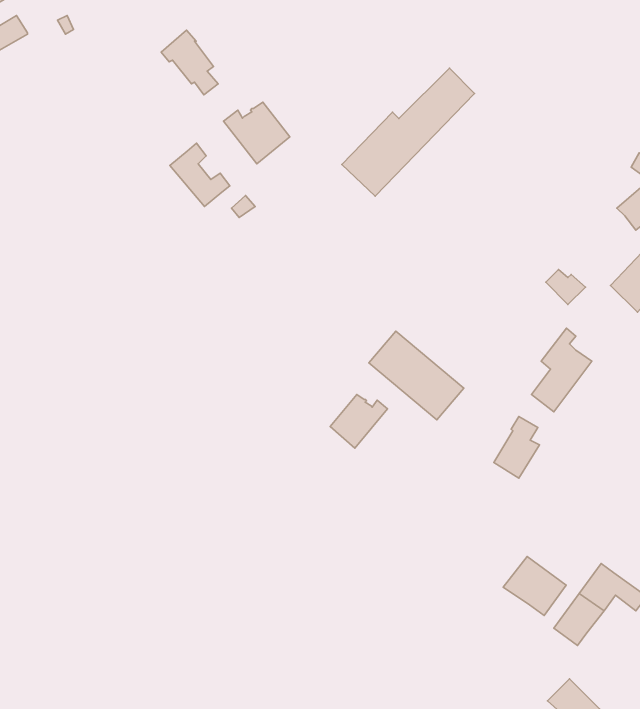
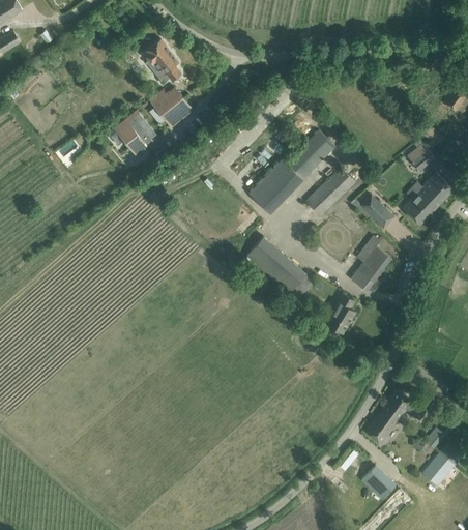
building: [161,30,218,95] -> [144,38,181,81]
building: [342,68,475,196] -> [250,130,337,214]
building: none -> [305,167,355,215]
building: [330,395,388,448] -> none
building: [503,556,566,615] -> none

